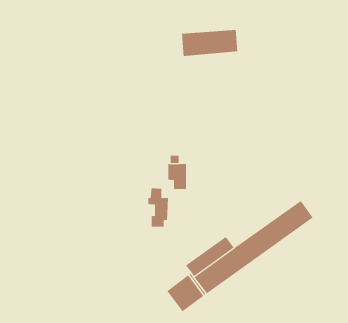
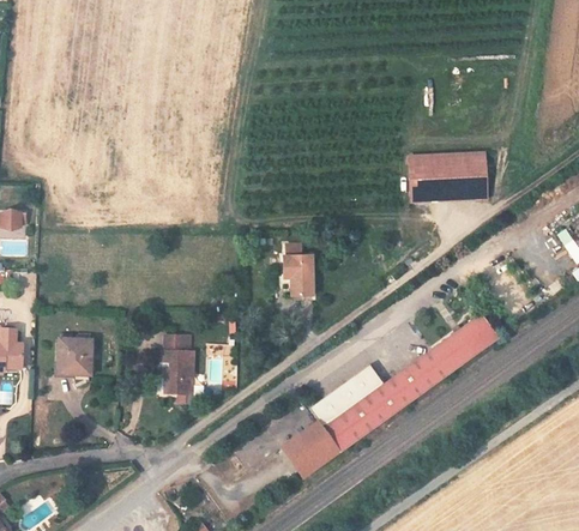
building: [181,29,238,56] -> [405,157,489,197]
building: [147,188,169,227] -> [163,336,194,393]
building: none -> [56,339,89,380]

